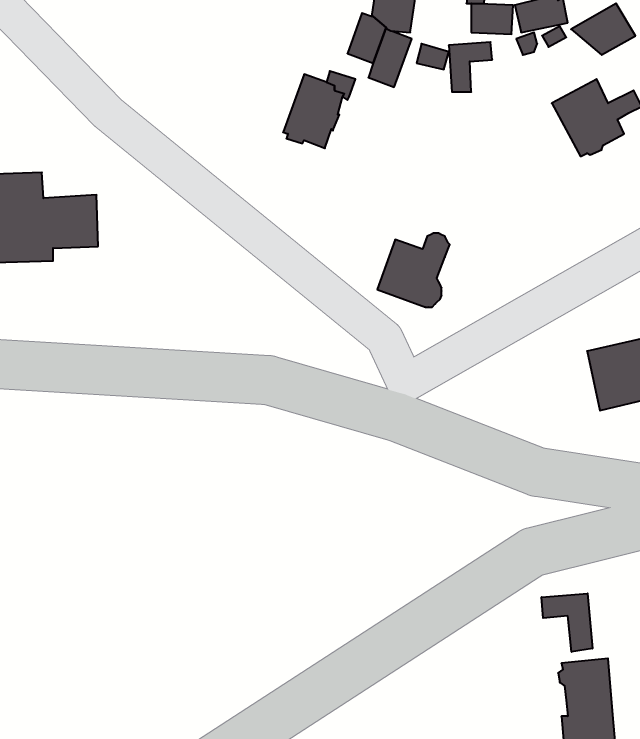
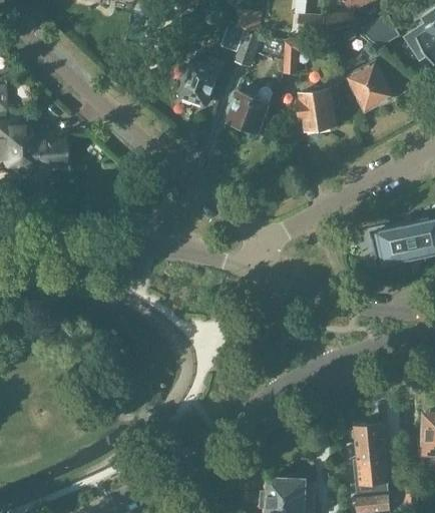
building: none -> [297,87,339,130]
building: [377,233,450,307] -> [228,87,273,133]
building: [542,593,592,652] -> none

